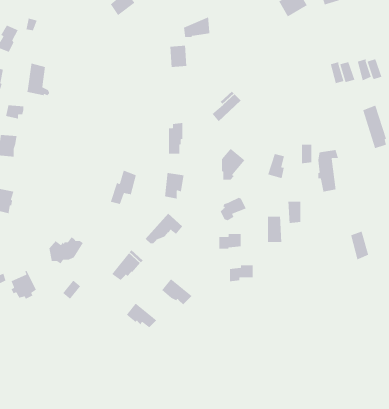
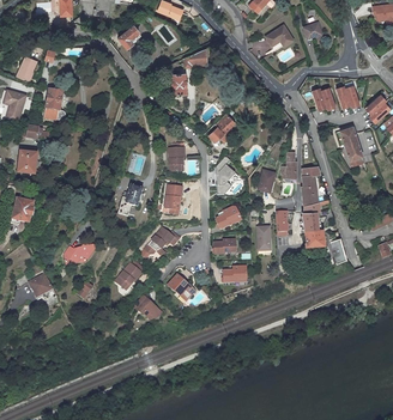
building: none -> [302,201,322,244]

